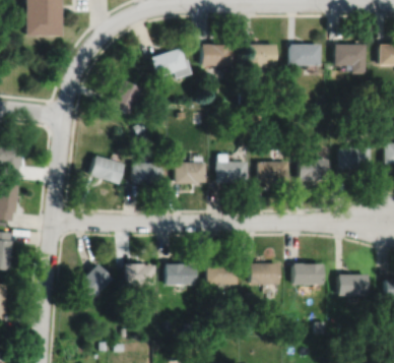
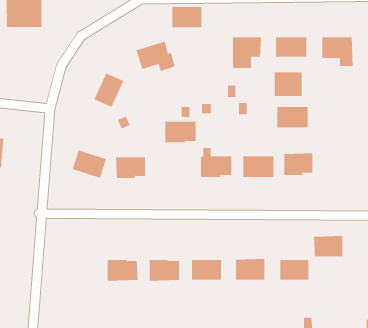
building: [202,44,233,65] -> [171,6,202,28]
building: none -> [274,72,302,97]
building: [339,147,371,169] -> [277,106,308,128]
building: [175,162,206,183] -> [165,121,196,143]
building: [77,264,112,300] -> none
building: [338,275,368,296] -> [313,235,343,257]

